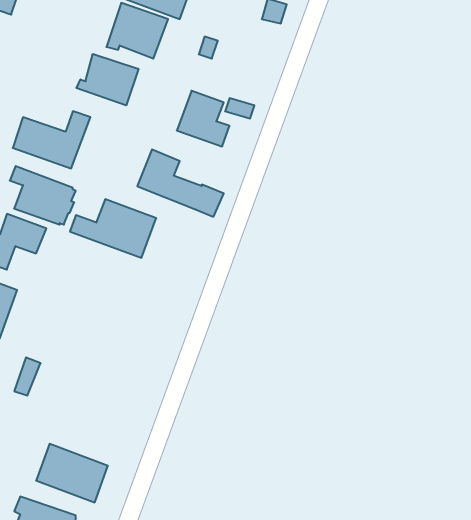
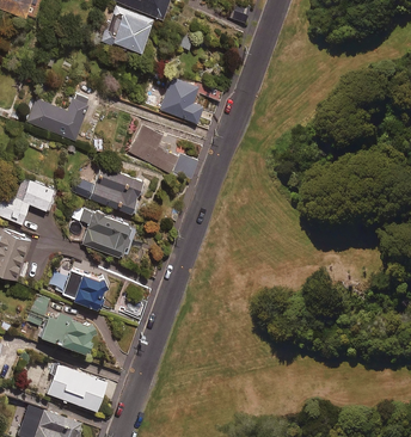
building: [76,54,138,105] -> none
building: [10,166,76,225] -> [80,208,134,256]
building: none -> [63,269,110,307]
building: none -> [38,314,93,355]

